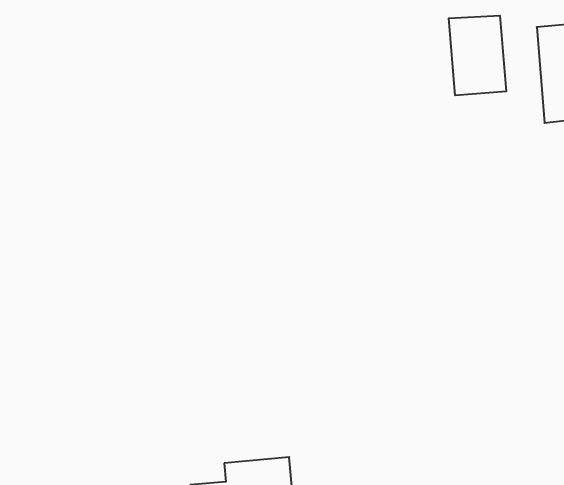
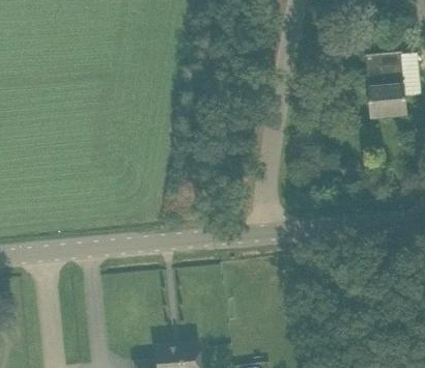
building: [449,16,506,95] -> none

